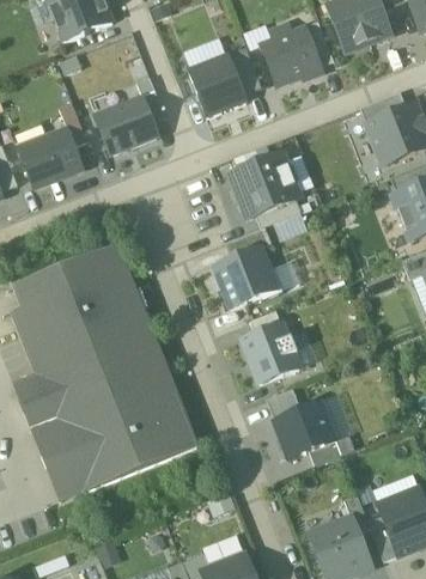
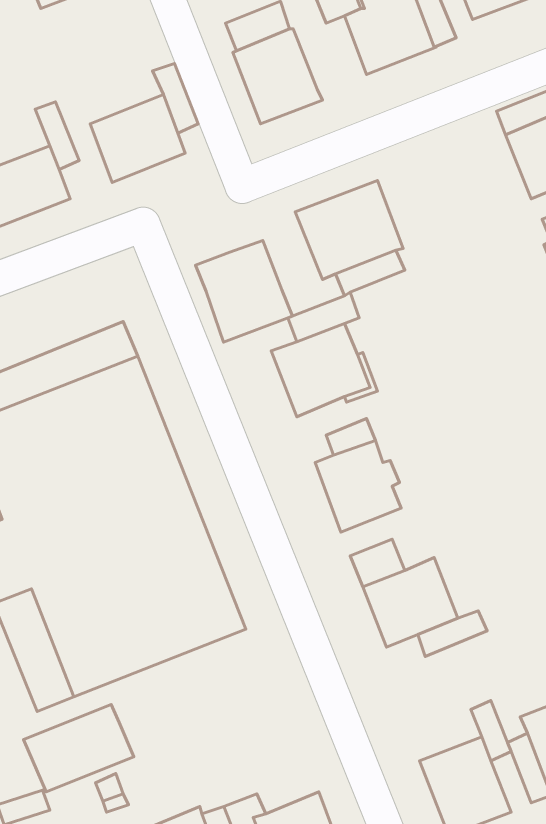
building: [227,47,261,93] -> none
building: none -> [195,240,292,342]
building: none -> [24,705,134,792]

